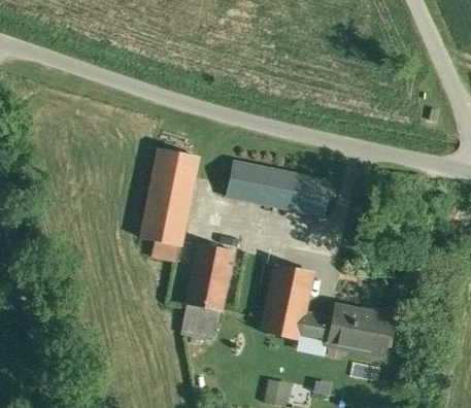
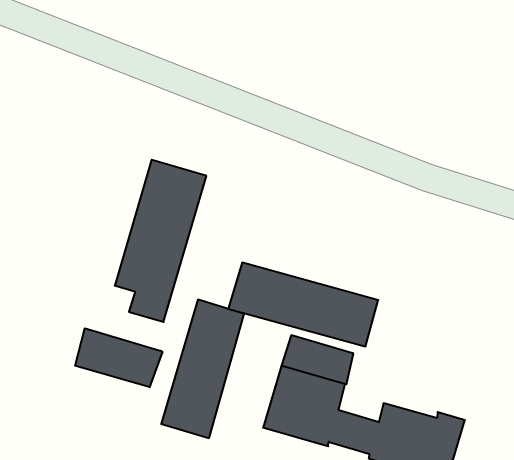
building: [227,163,331,214] -> [228,263,378,346]
building: none -> [75,328,162,387]

